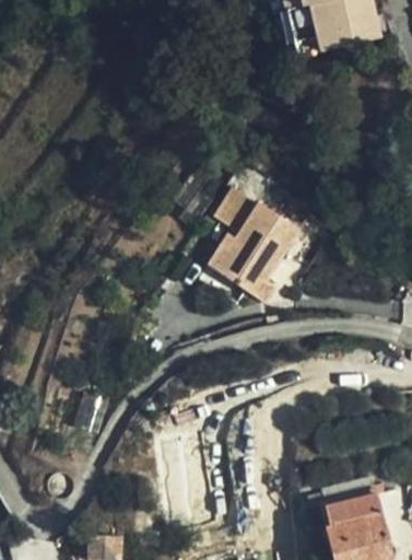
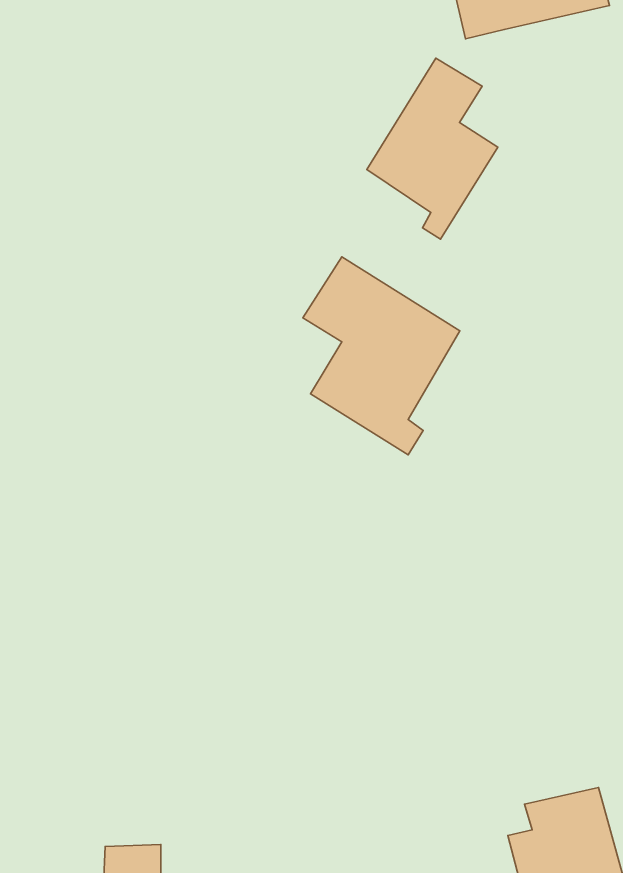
building: none -> [367,58,498,239]

